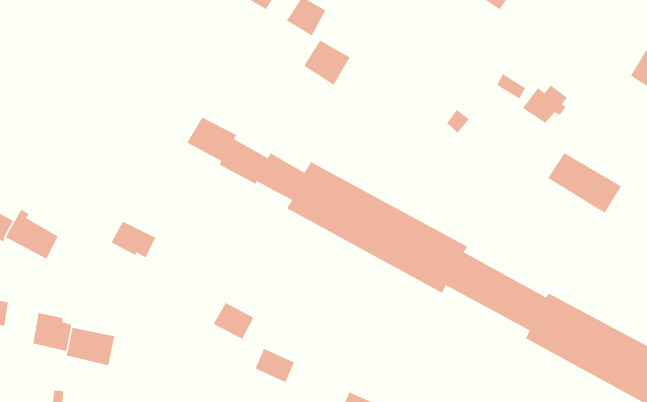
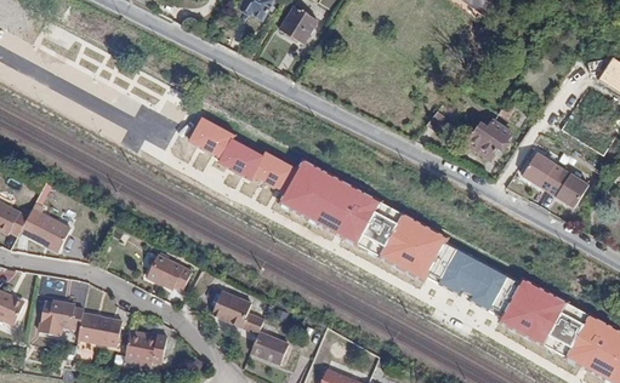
building: [303,39,351,86] -> none
building: [522,84,568,124] -> [467,121,510,158]
building: [111,220,156,258] -> [150,252,193,287]
building: none -> [124,330,175,362]

